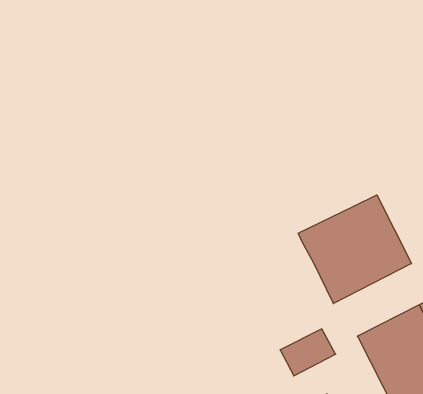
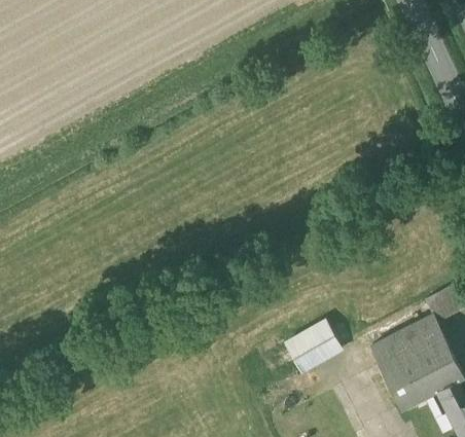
building: [298,195,412,304] -> none

